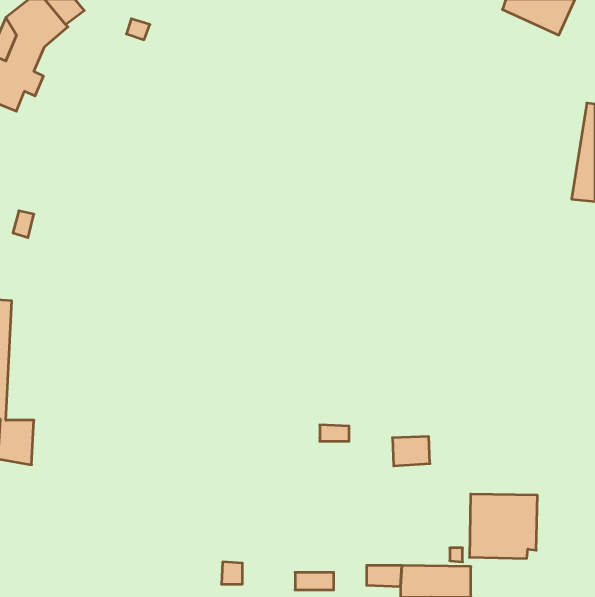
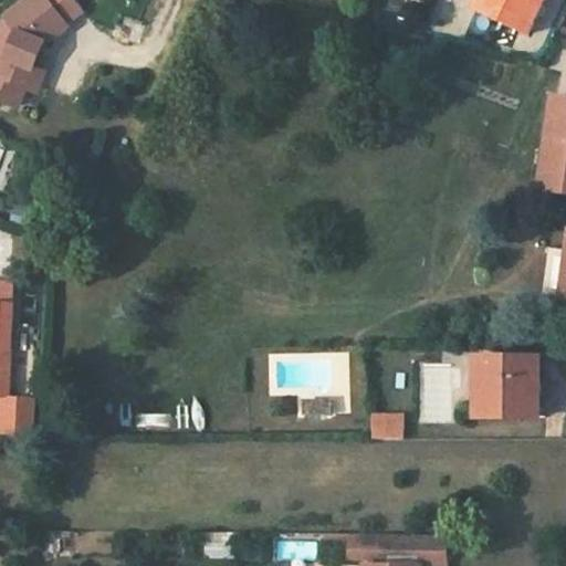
building: [469,494,537,558] -> [474,357,538,418]

